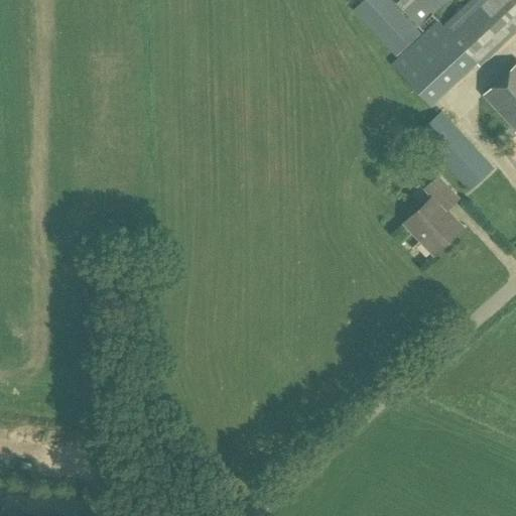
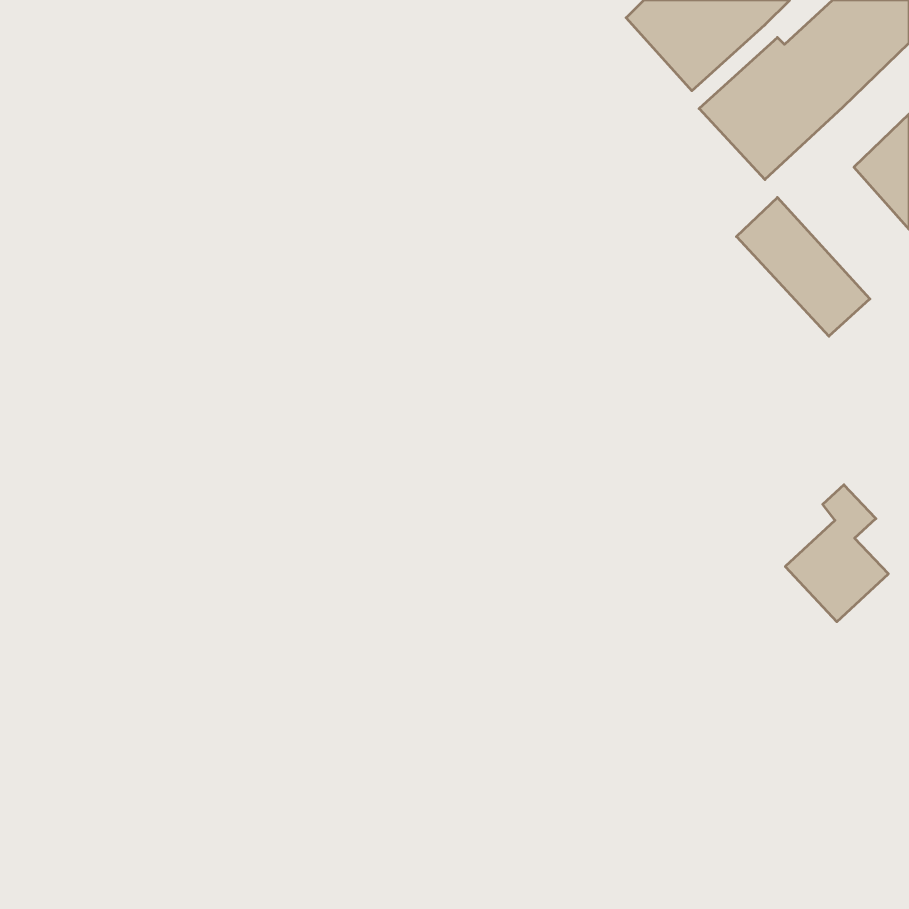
building: [404,177,463,255] -> [785,485,888,622]

